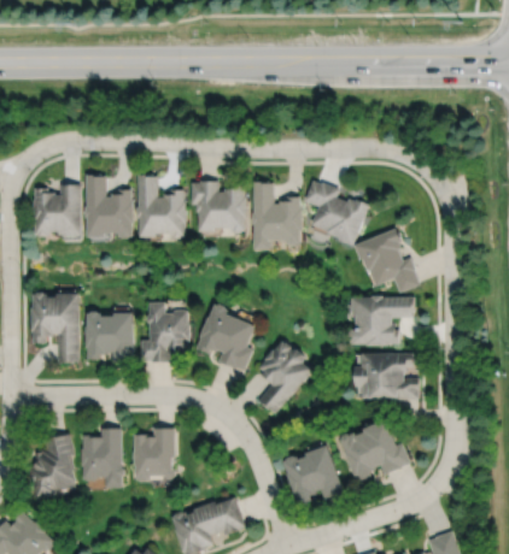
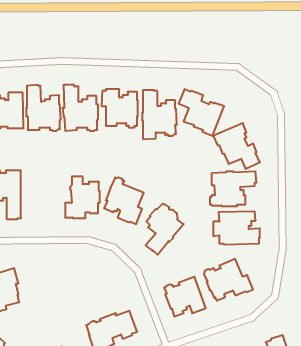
building: [86,312,134,363] -> none
building: [81,429,125,485] -> none
building: [134,429,176,481] -> none

